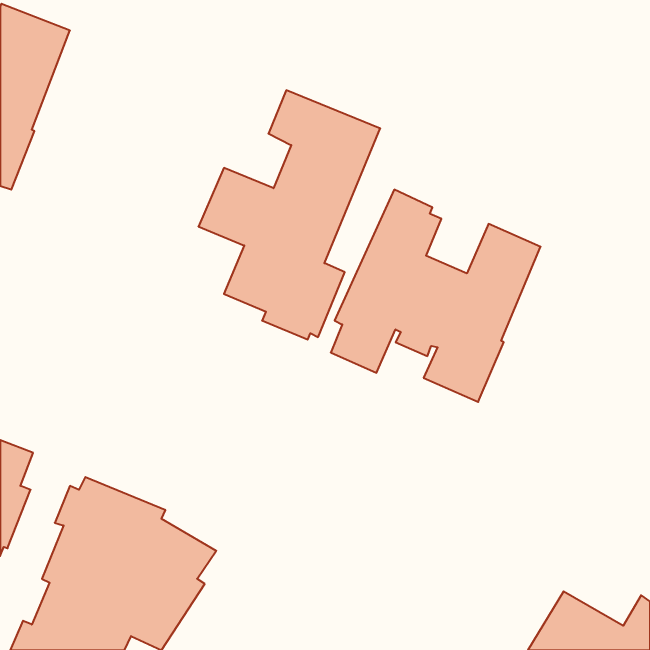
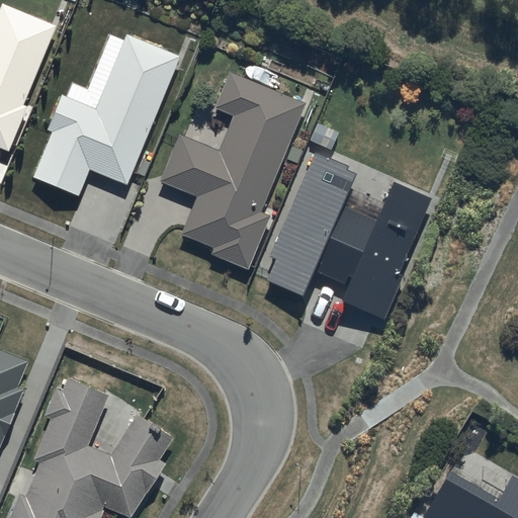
building: none -> [31,34,184,195]

